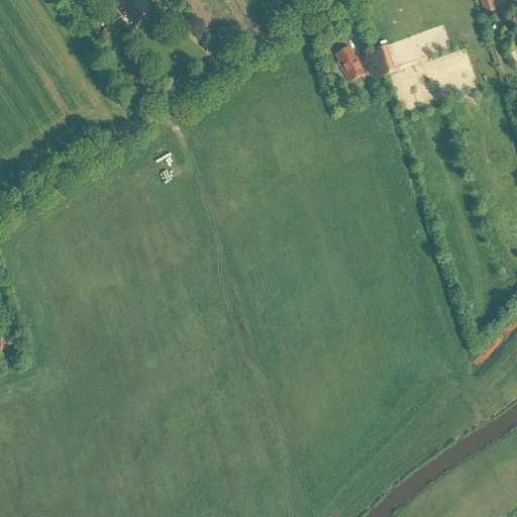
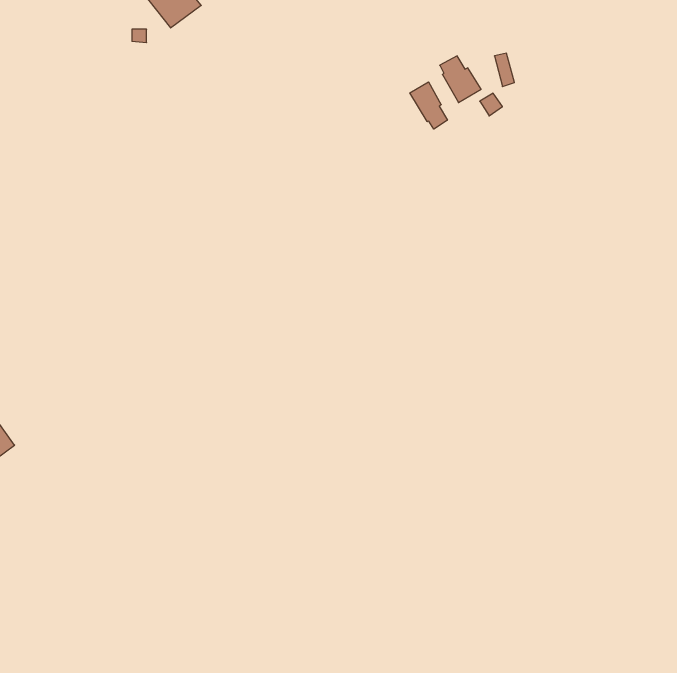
building: none -> [410,82,447,129]

